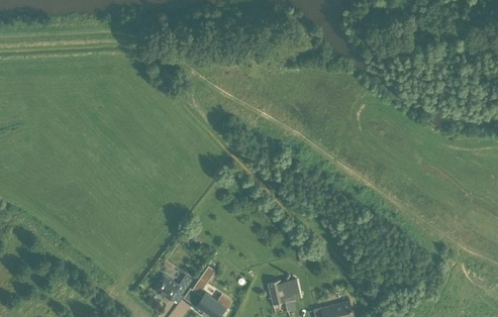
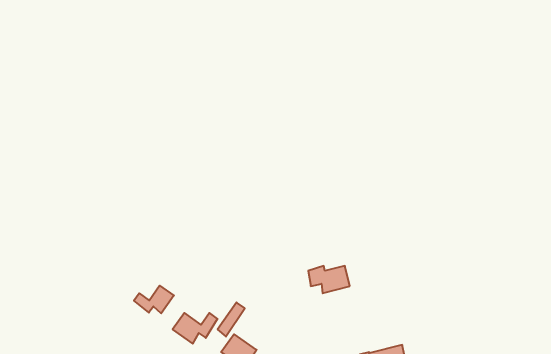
building: none -> [134,286,174,313]
building: [267,280,302,303] -> [308,266,350,293]

